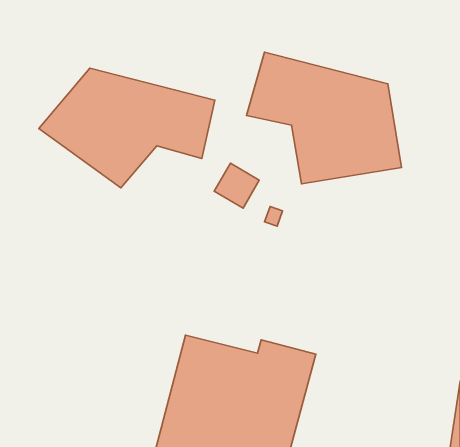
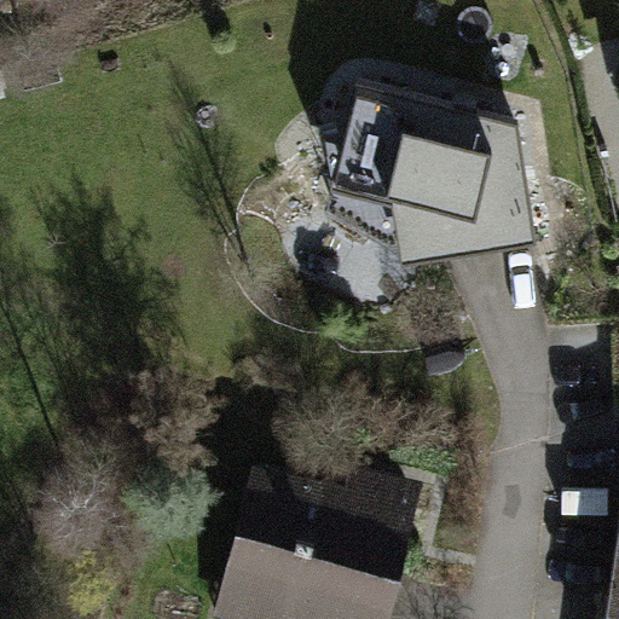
building: [39,68,215,188] -> none

